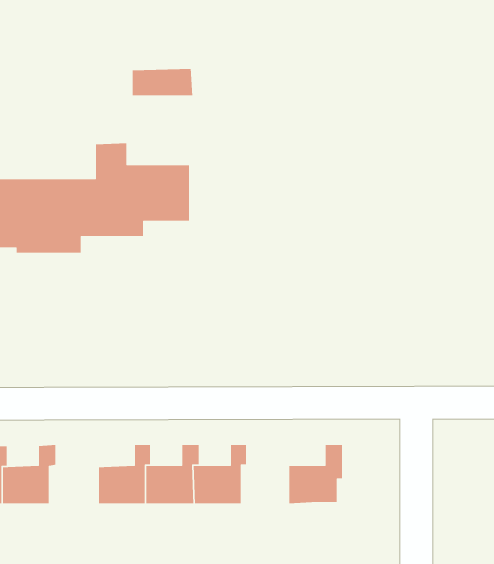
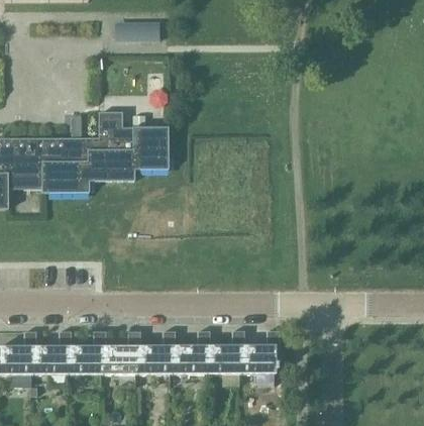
building: [132,68,193,96] -> [117,20,162,40]
building: none -> [68,330,107,374]
building: none -> [207,330,246,374]

